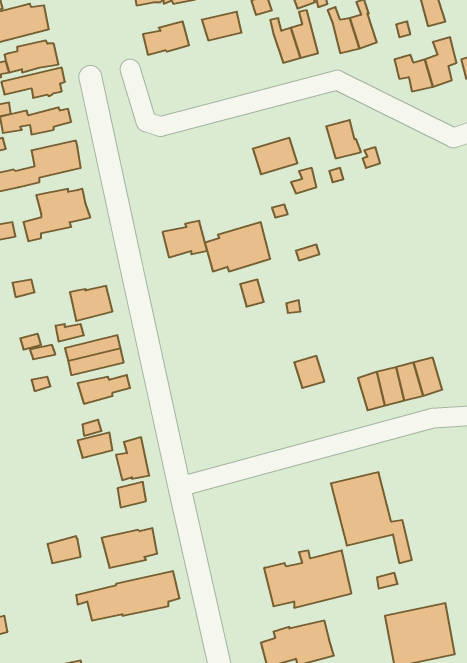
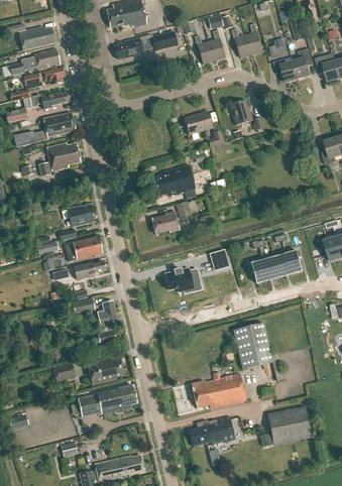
building: [163,221,207,257] -> [151,211,180,234]
building: none -> [165,268,199,292]

